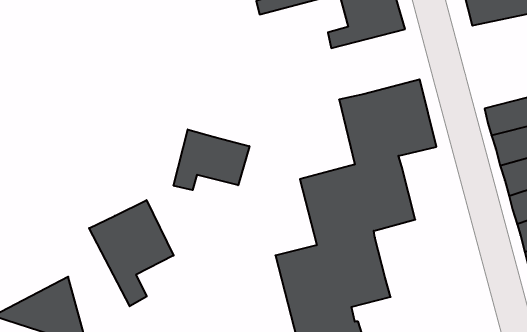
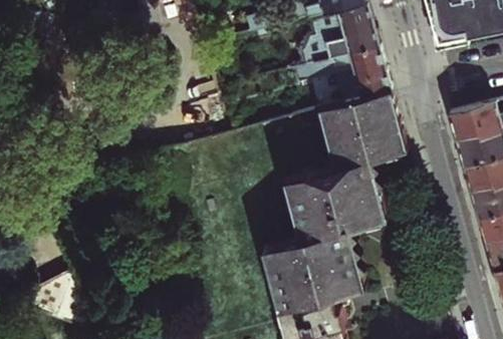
building: none -> [291,46,392,104]
building: [174,129,249,190] -> none
building: [89,200,174,306] -> none

